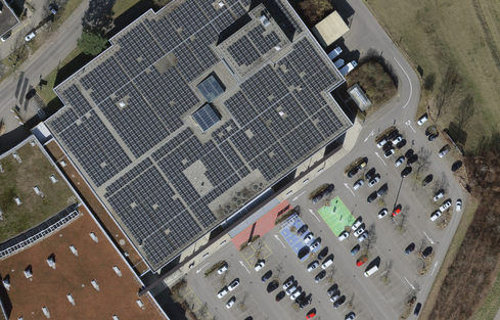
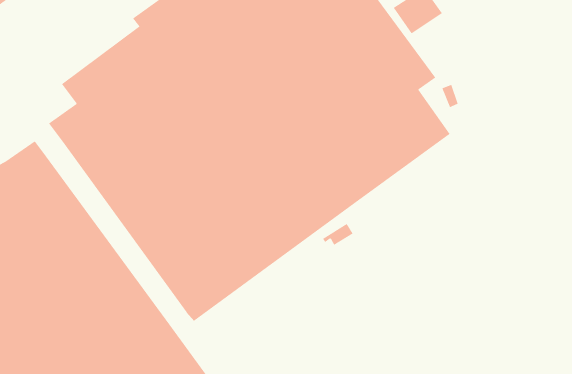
building: [41,135,149,275] -> none

